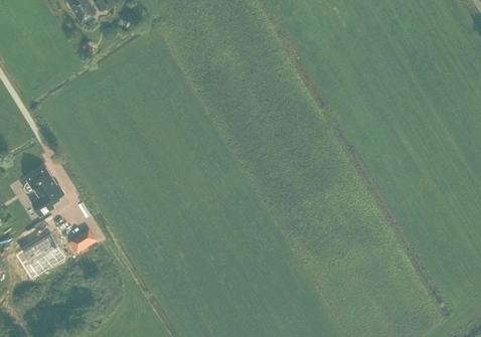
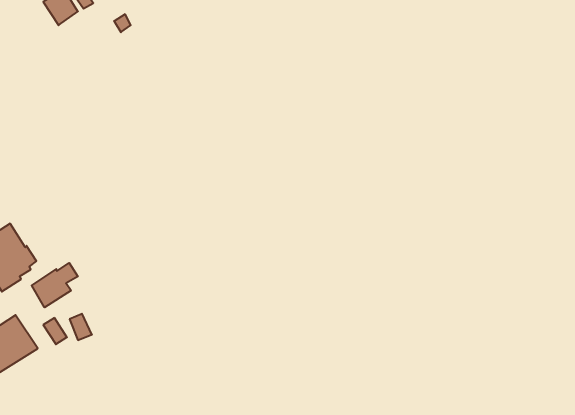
building: none -> [32,263,78,307]

